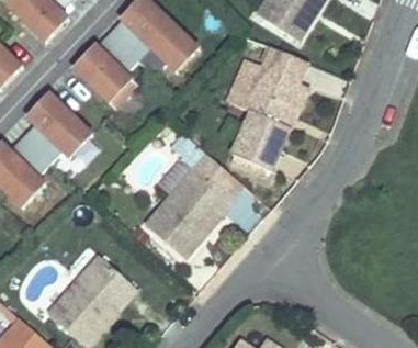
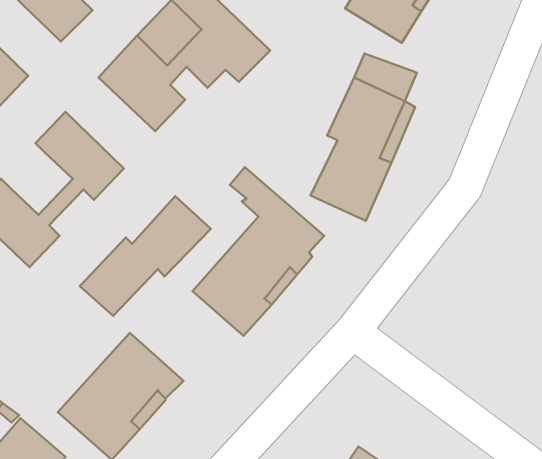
building: [9,122,55,168] -> none
building: none -> [80,196,211,316]

